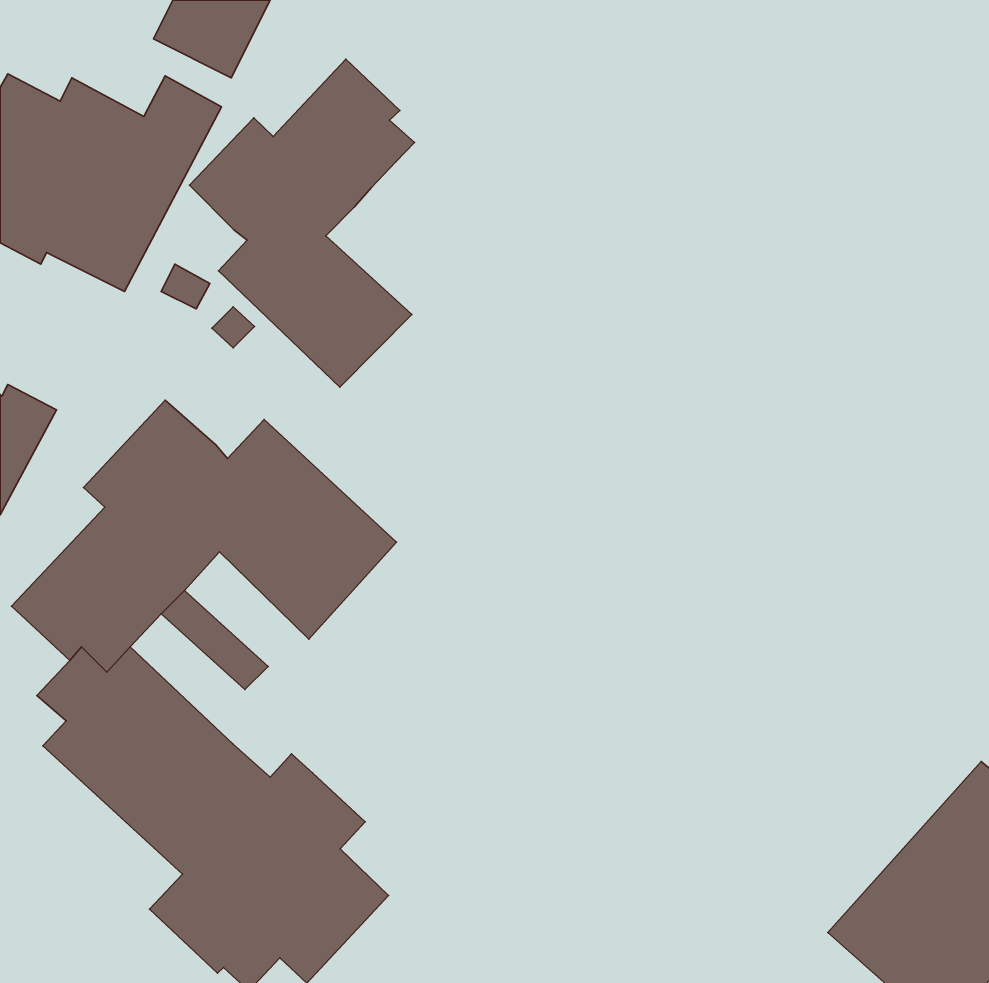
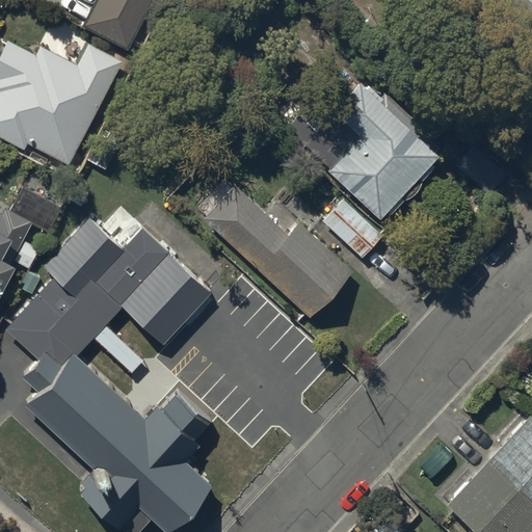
building: [189,59,414,387] -> none
building: none -> [281,86,438,219]
building: none -> [202,185,352,320]
building: none -> [321,196,383,255]

